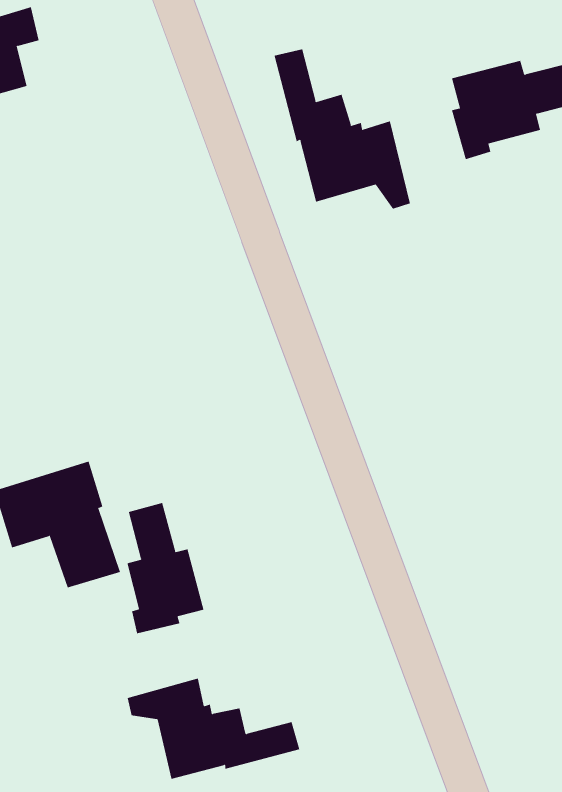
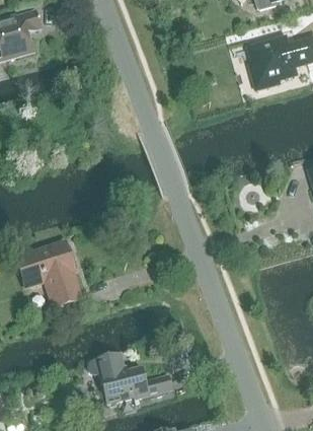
building: [274,49,410,209] -> none
building: [127,502,204,634] -> none

